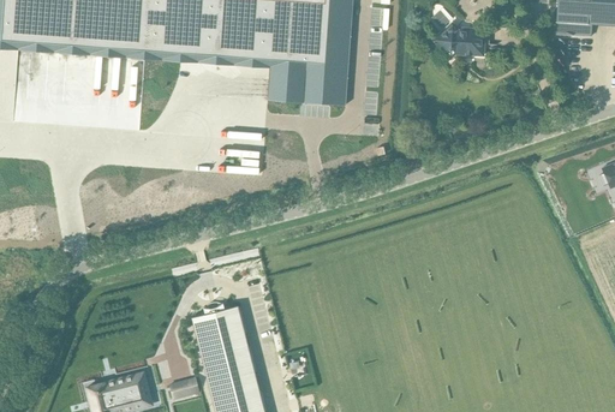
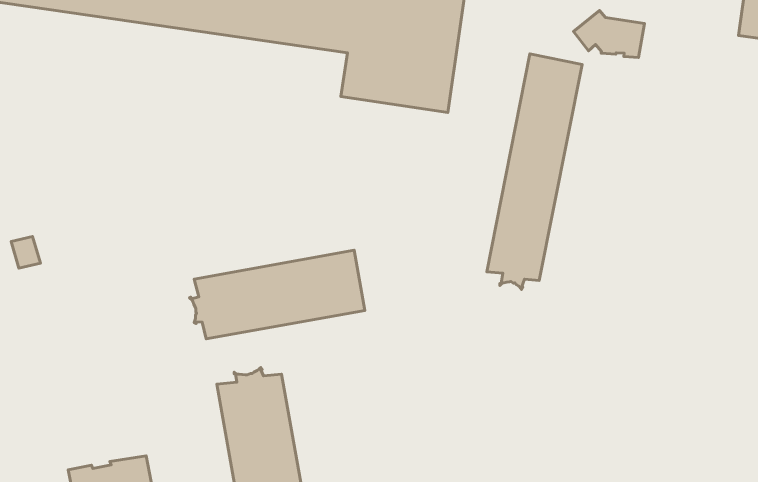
building: none -> [487,54,582,290]
building: none -> [190,250,365,339]

